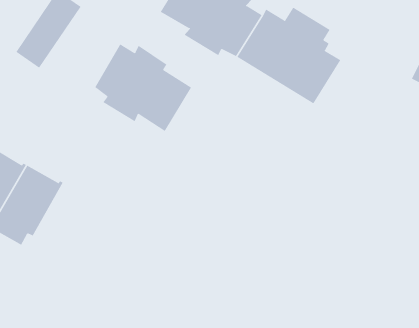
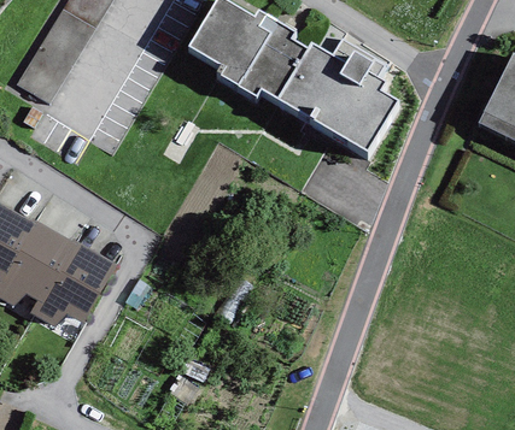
building: [94,44,192,132] -> none
building: none -> [28,242,115,326]

